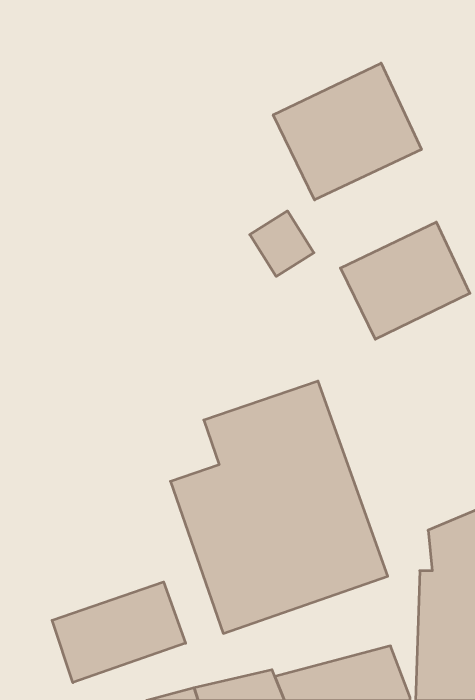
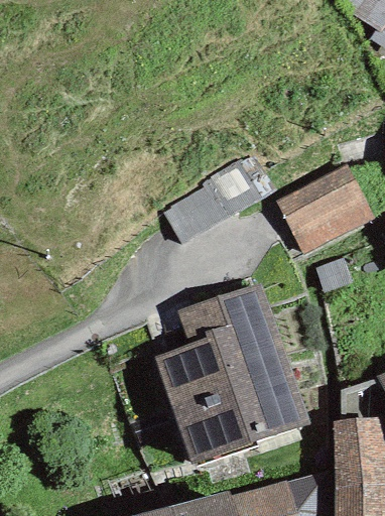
building: [273,63,421,200] -> none
building: [52,582,186,683] -> none

